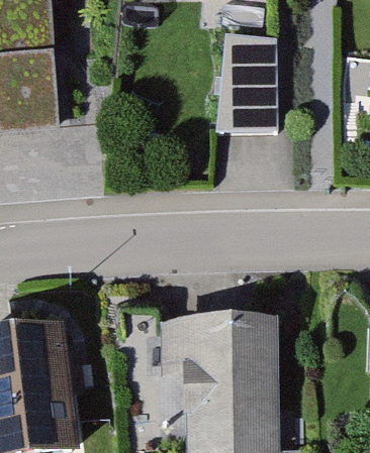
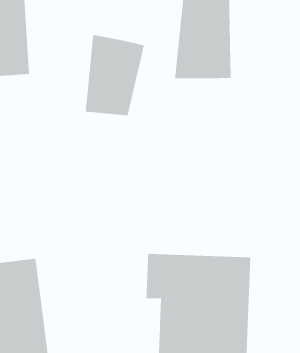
building: none -> [85,34,145,116]

